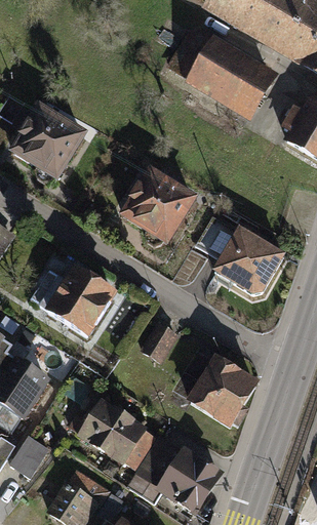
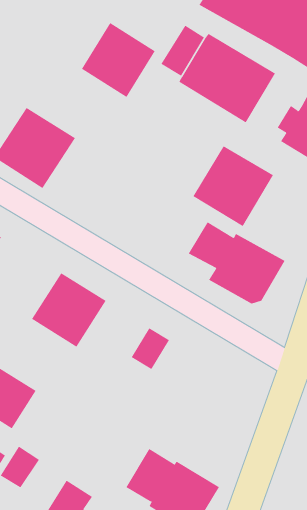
building: none -> [81,22,156,98]
building: [117,168,196,247] -> [192,145,274,227]
building: [183,355,257,429] -> none
building: [76,395,148,465] -> none

